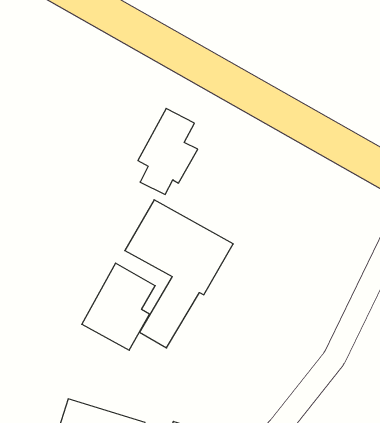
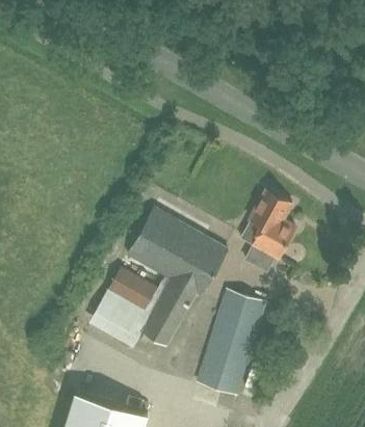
building: [138,108,198,194] -> [241,190,296,269]
building: none -> [199,290,265,394]

